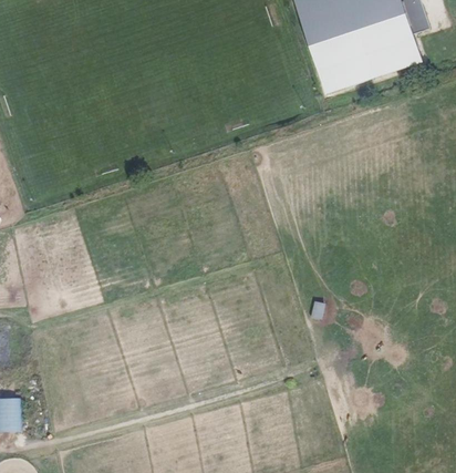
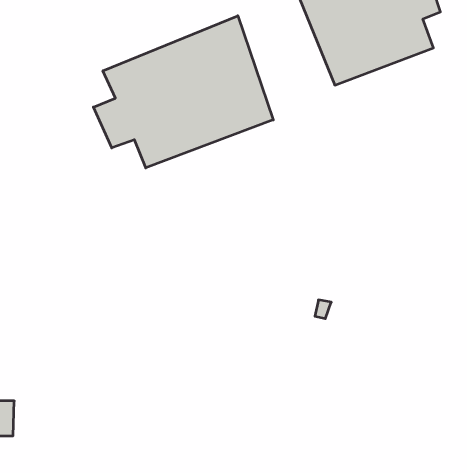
building: none -> [93,16,273,168]

